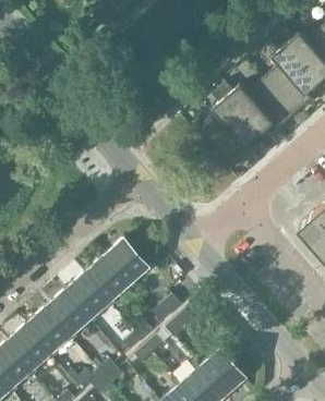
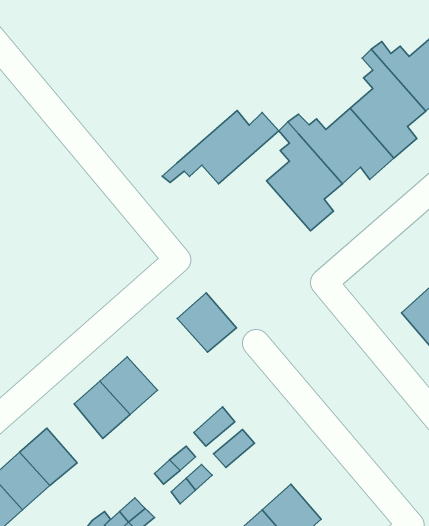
building: none -> [162,110,279,184]
building: [103,239,145,281] -> [177,293,236,352]
building: [45,291,85,333] -> none

